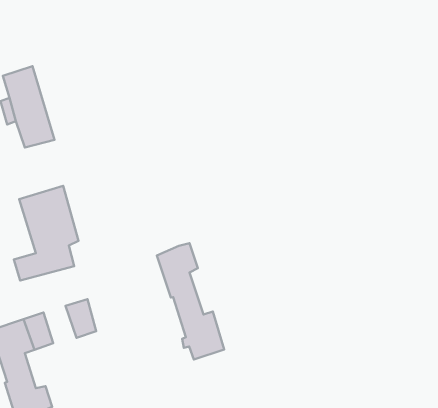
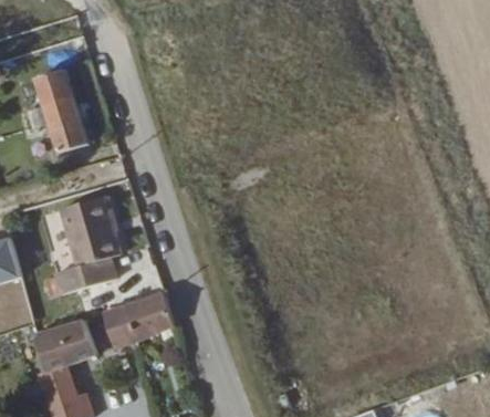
building: [157,243,224,359] -> none
building: none -> [128,295,174,338]

